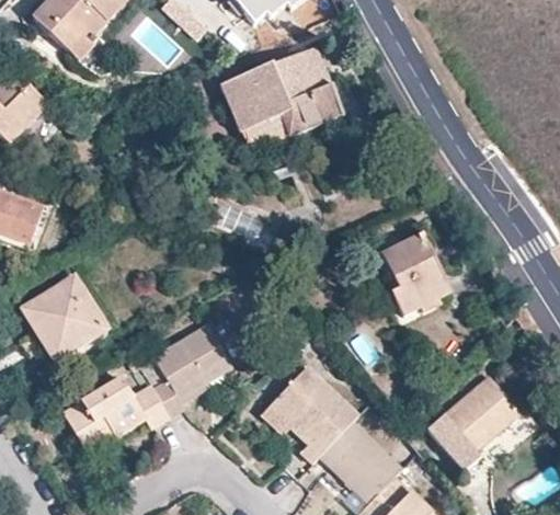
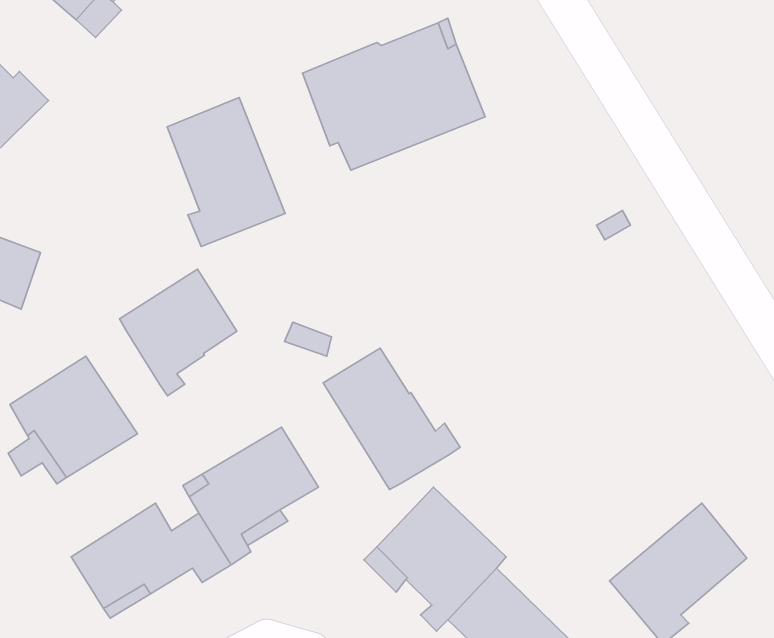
building: none -> [167,97,285,247]
building: none -> [120,269,237,396]
building: [381,232,452,316] -> none
building: none -> [323,348,460,489]

